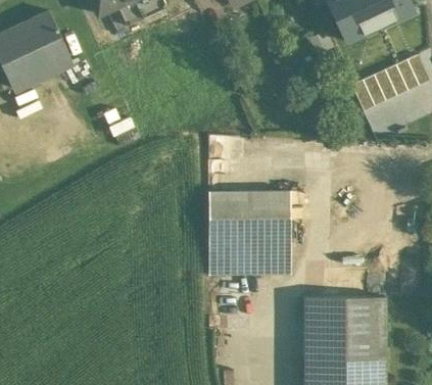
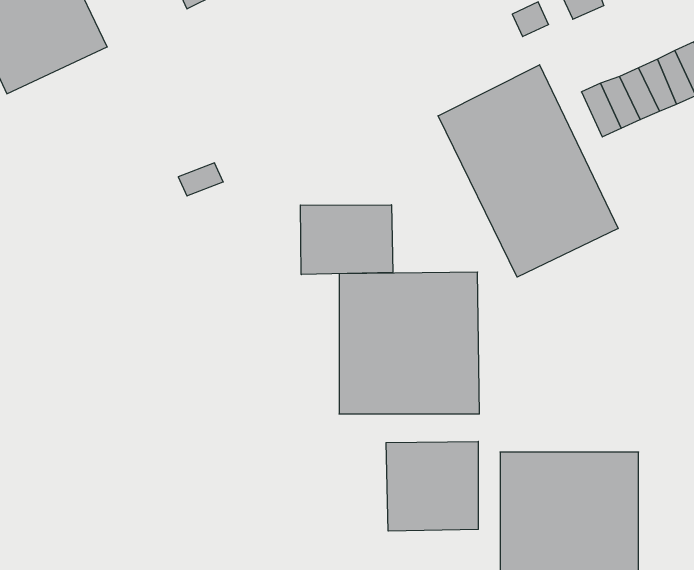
building: none -> [438,65,618,277]
building: none -> [300,205,393,275]
building: none -> [386,441,478,531]

